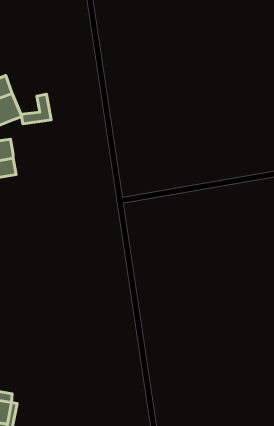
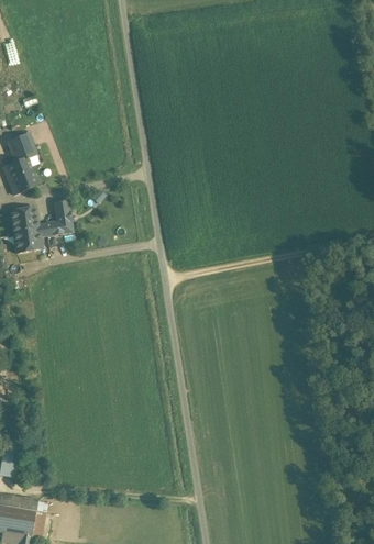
building: [22,94,51,124] -> [37,201,72,235]

